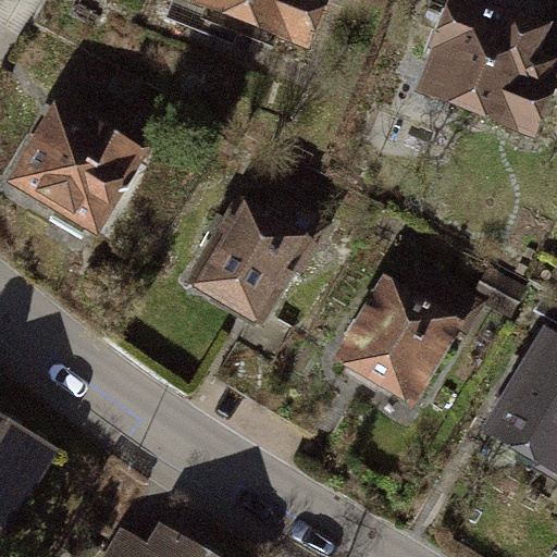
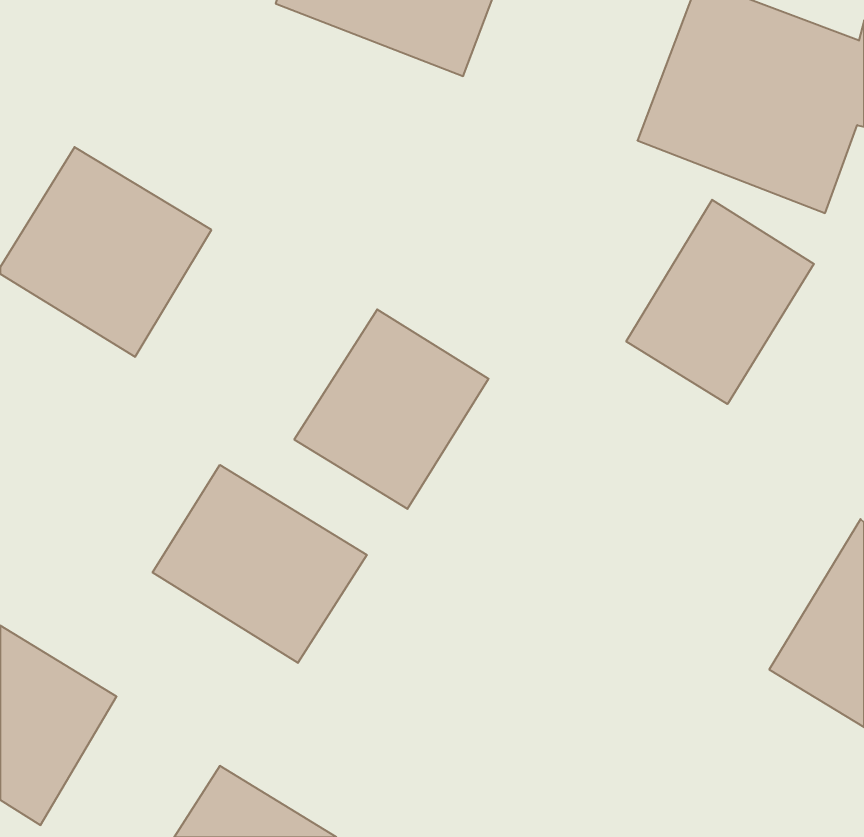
building: none -> [626,200,814,404]
building: [361,261,492,399] -> none
building: none -> [153,465,367,663]

